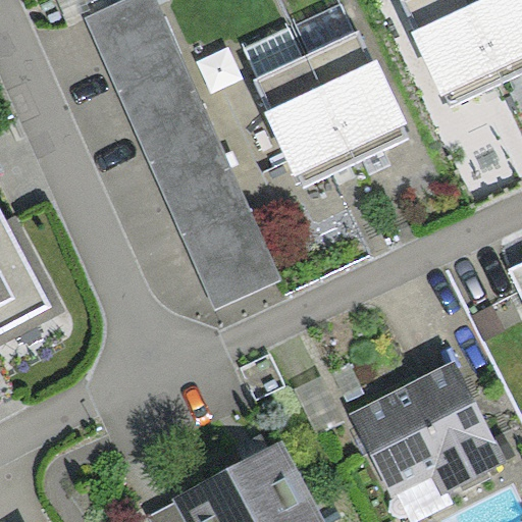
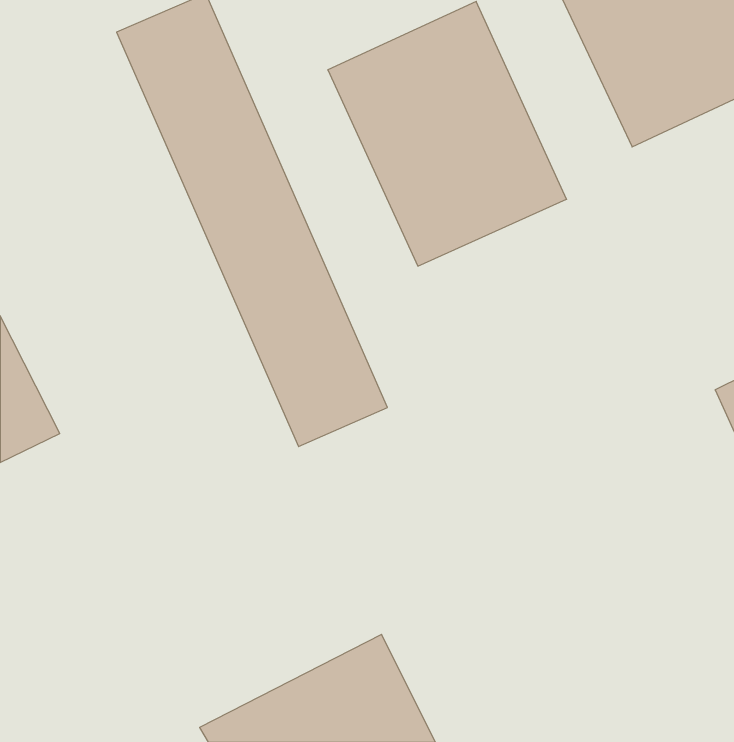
building: [352,369,505,497] -> none

